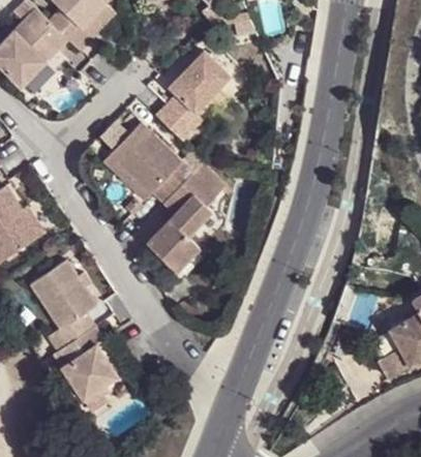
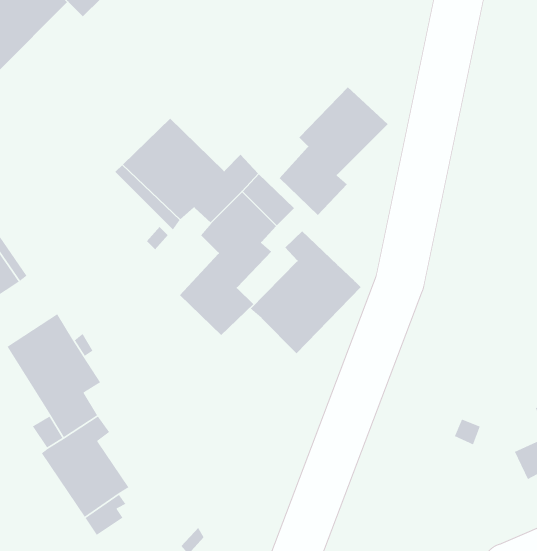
building: [153,50,229,139] -> [279,86,388,216]
building: none -> [250,231,361,354]

